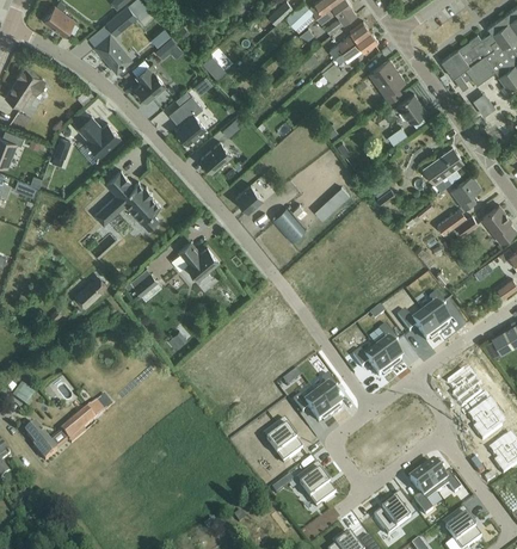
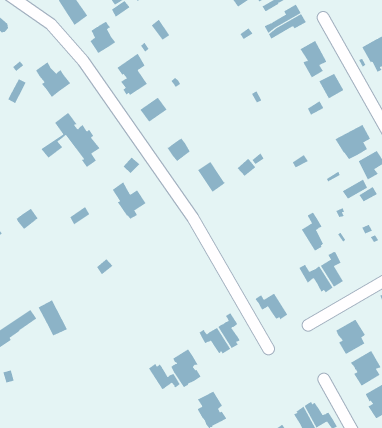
building: [373,326,400,370] -> [301,212,324,251]
building: none -> [38,299,67,336]
building: none -> [148,363,181,390]

